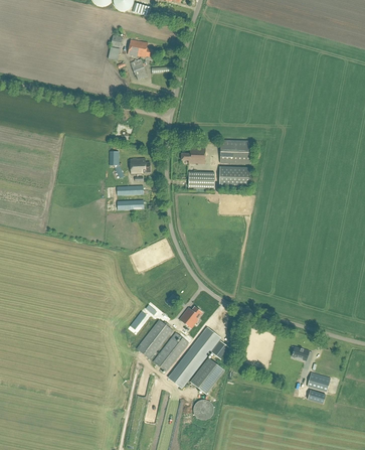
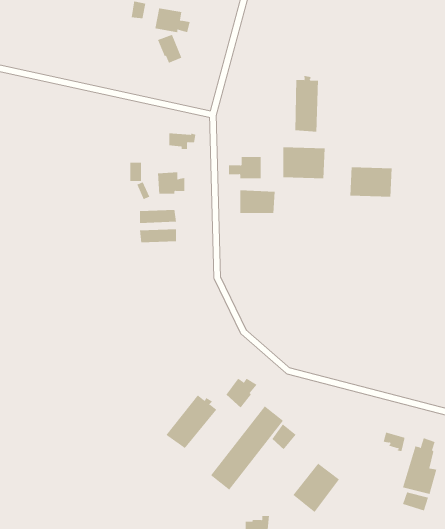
building: none -> [295,75,319,133]
building: [219,165,250,187] -> [349,167,393,197]
building: [153,331,189,370] -> none
building: [191,357,225,394] -> [293,463,340,513]

